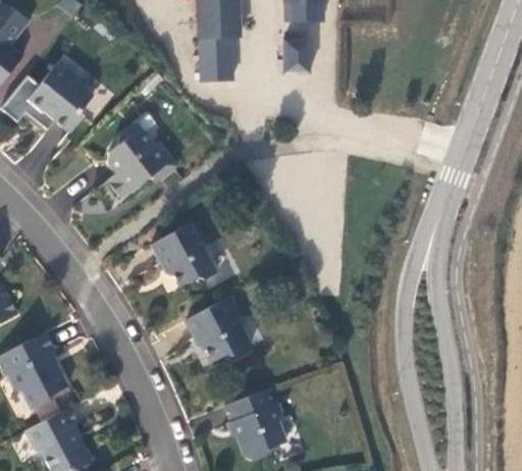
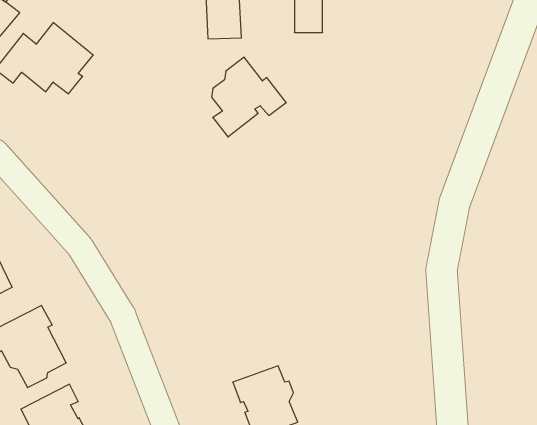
building: [106,123,176,199] -> [212,57,286,137]
building: [150,223,216,286] -> none
building: [186,297,250,363] -> none

